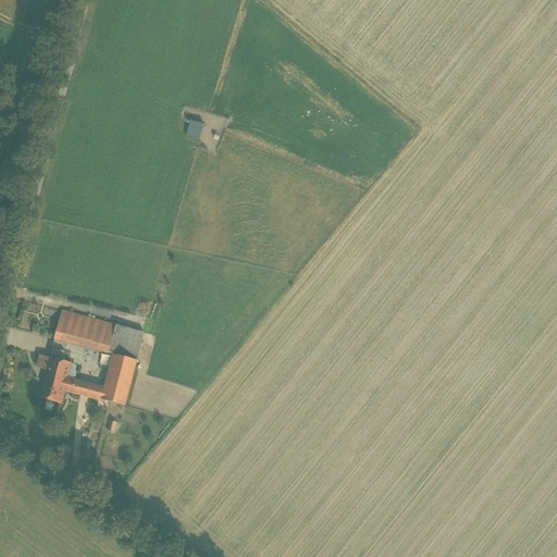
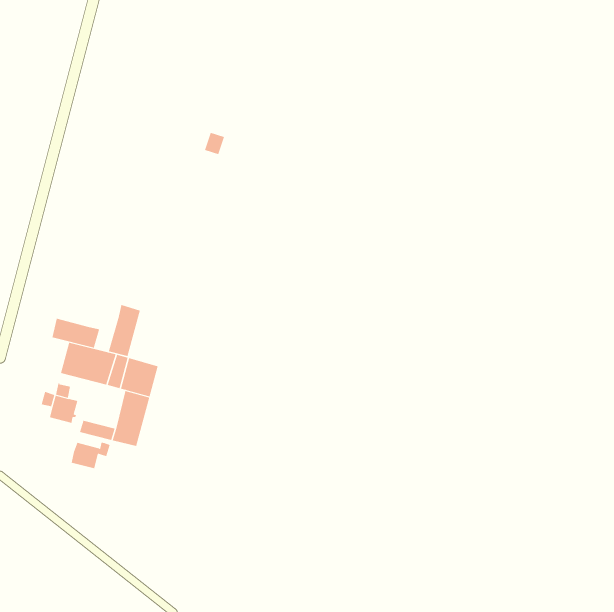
building: none -> [108,304,140,357]
building: none -> [52,318,100,348]
building: [39,379,75,403] -> [71,442,110,469]

